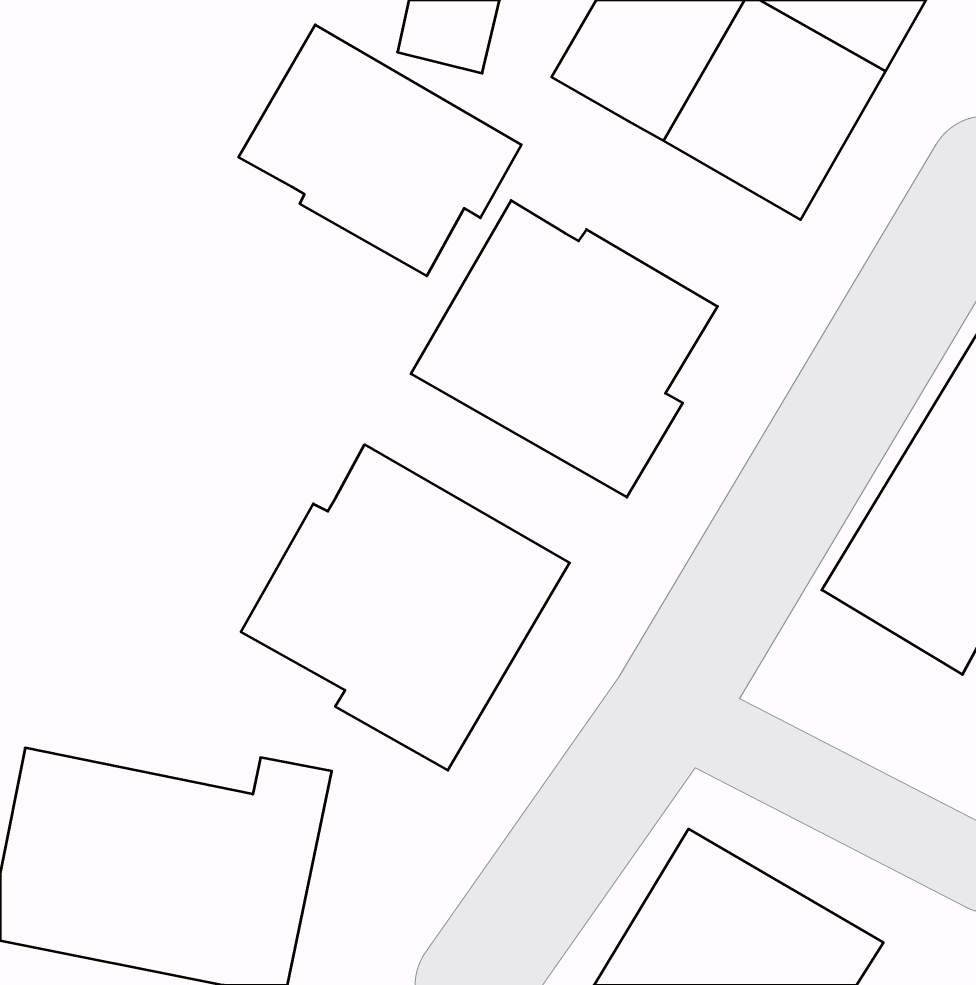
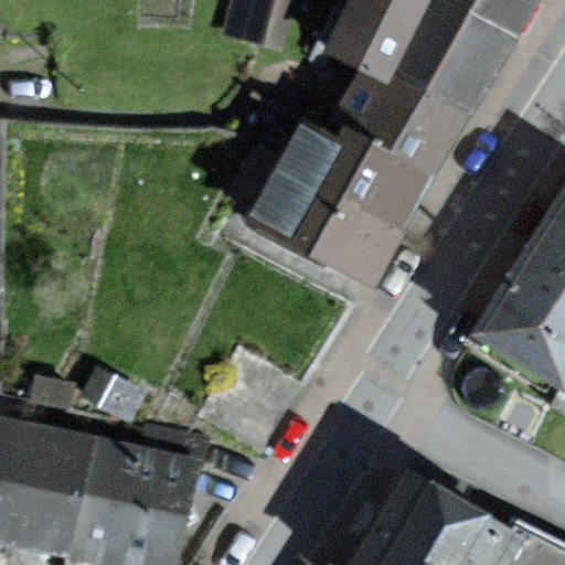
building: [239,25,521,276] -> none
building: none -> [329,70,463,175]
building: [241,445,570,770] -> none

